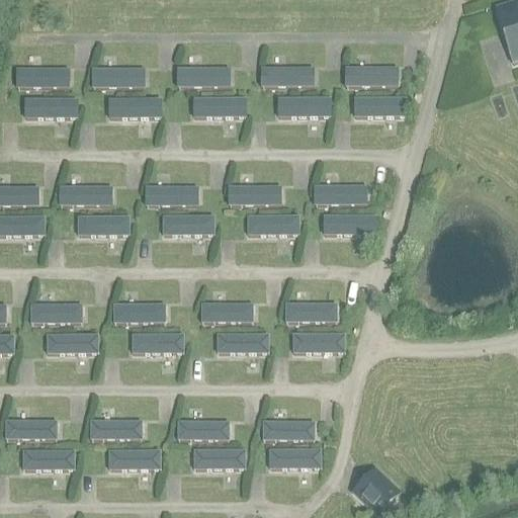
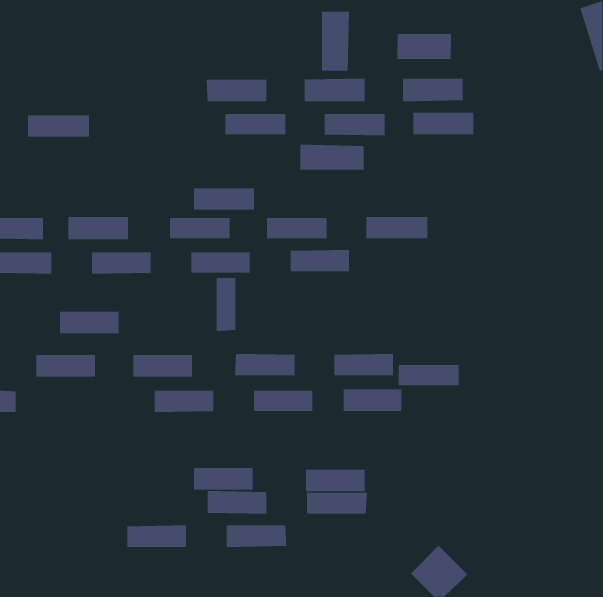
building: none -> [322,11,349,72]
building: none -> [397,33,452,60]
building: [15,68,68,88] -> none
building: [91,68,144,87] -> none
building: [108,98,161,117] -> [193,188,255,210]
building: none -> [300,144,364,171]
building: [323,214,375,233] -> [398,364,459,386]
building: none -> [216,277,236,332]
building: [47,334,98,353] -> [59,311,120,334]
building: [5,420,57,439] -> none
building: [90,420,142,439] -> [193,468,254,490]
building: [269,448,321,467] -> [305,469,365,492]
building: [23,450,74,468] -> none

